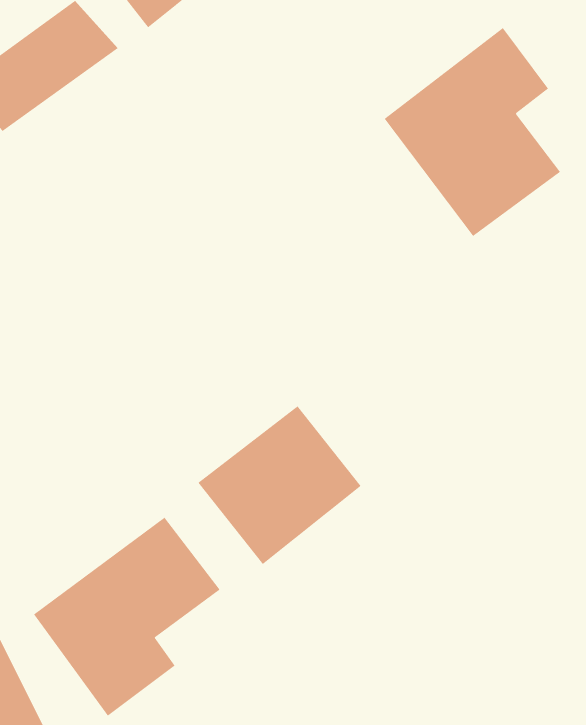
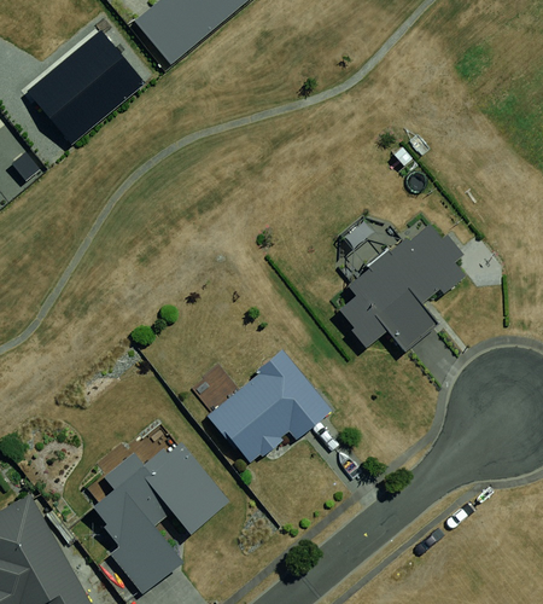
building: [384,27,561,237] -> none
building: none -> [340,223,473,345]

